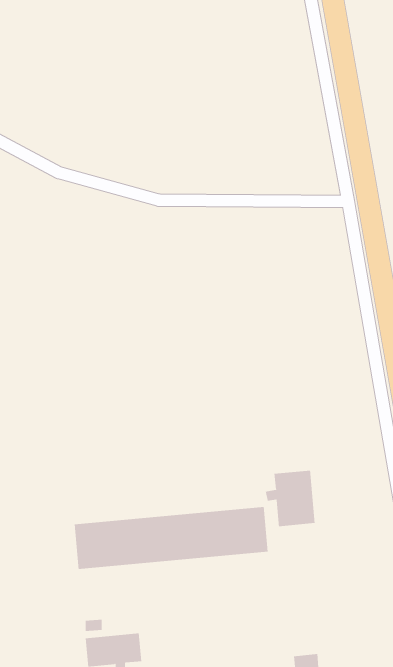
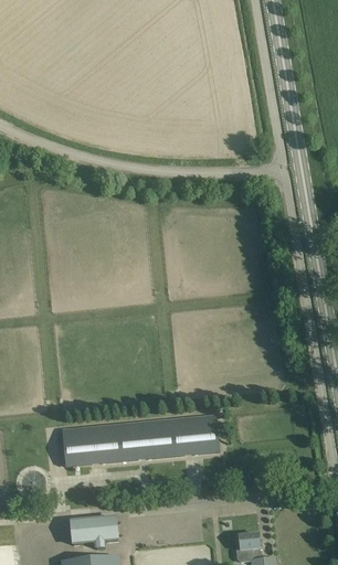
building: [265,470,315,527] -> none

